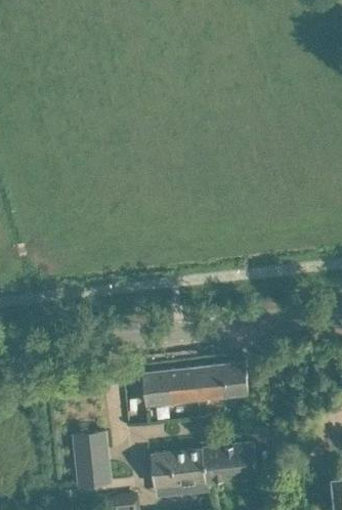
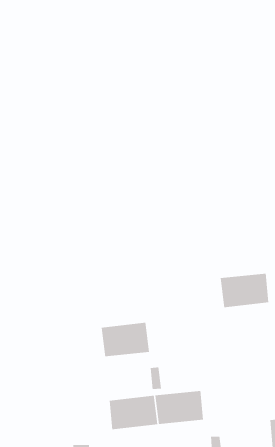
building: [193,364,248,402] -> [220,273,269,308]
building: [73,434,111,486] -> none

